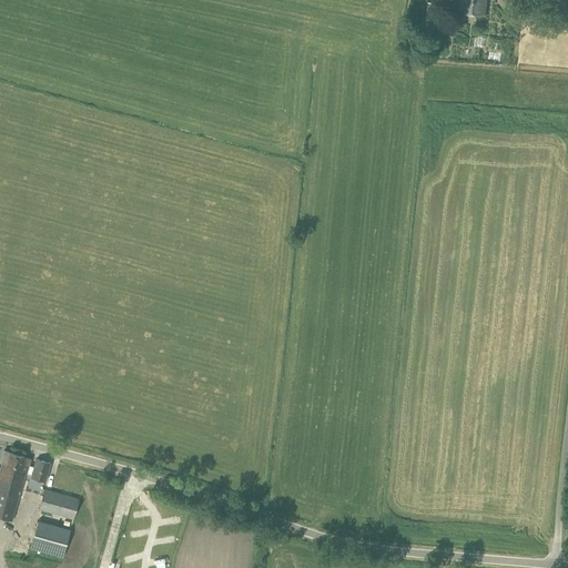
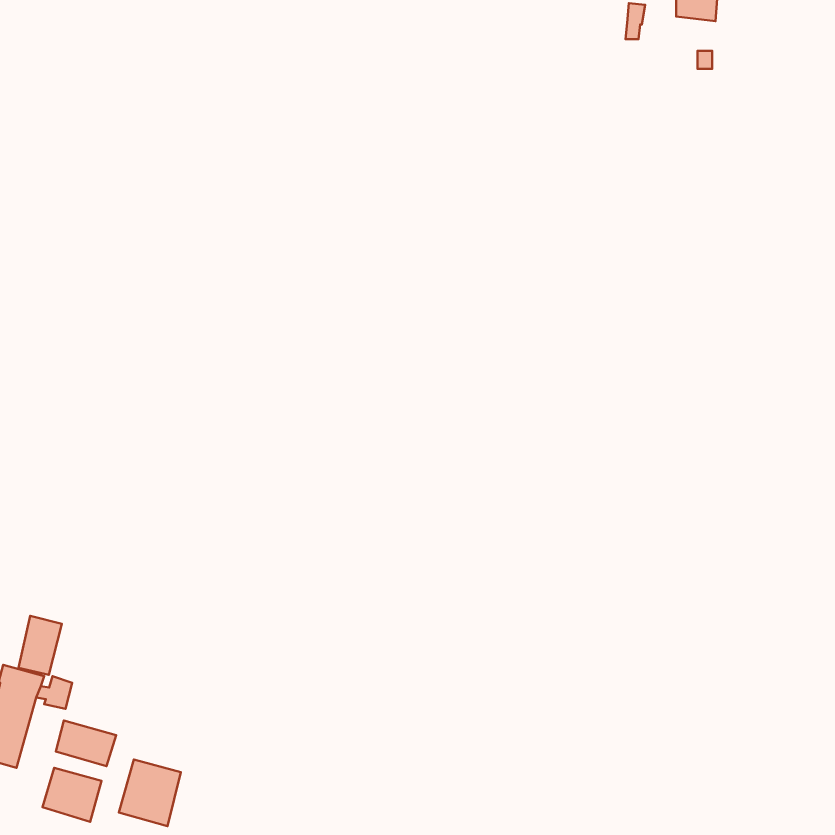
building: none -> [18,616,62,675]
building: none -> [119,759,181,826]

